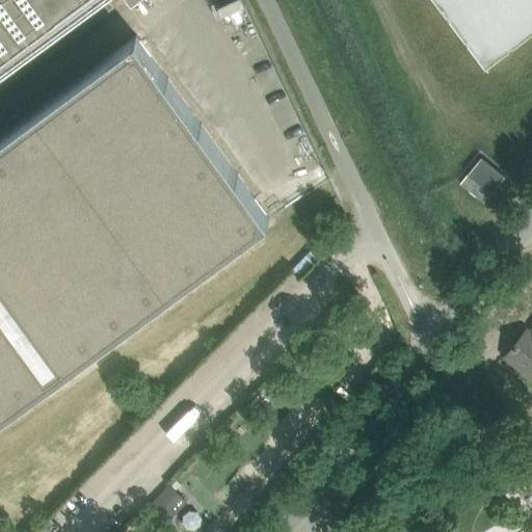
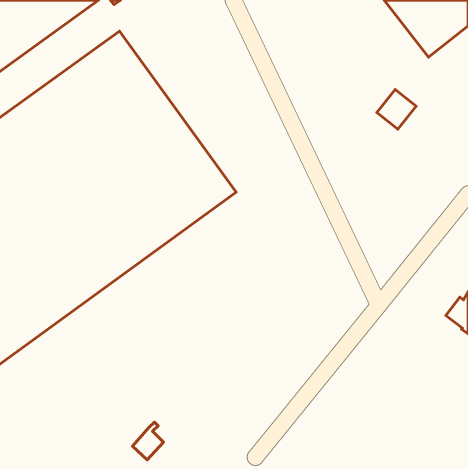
building: [458,158,503,203] -> [377,90,416,129]

